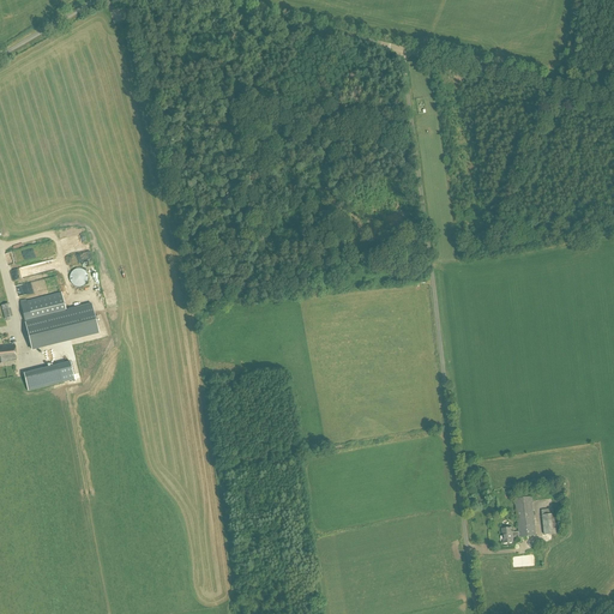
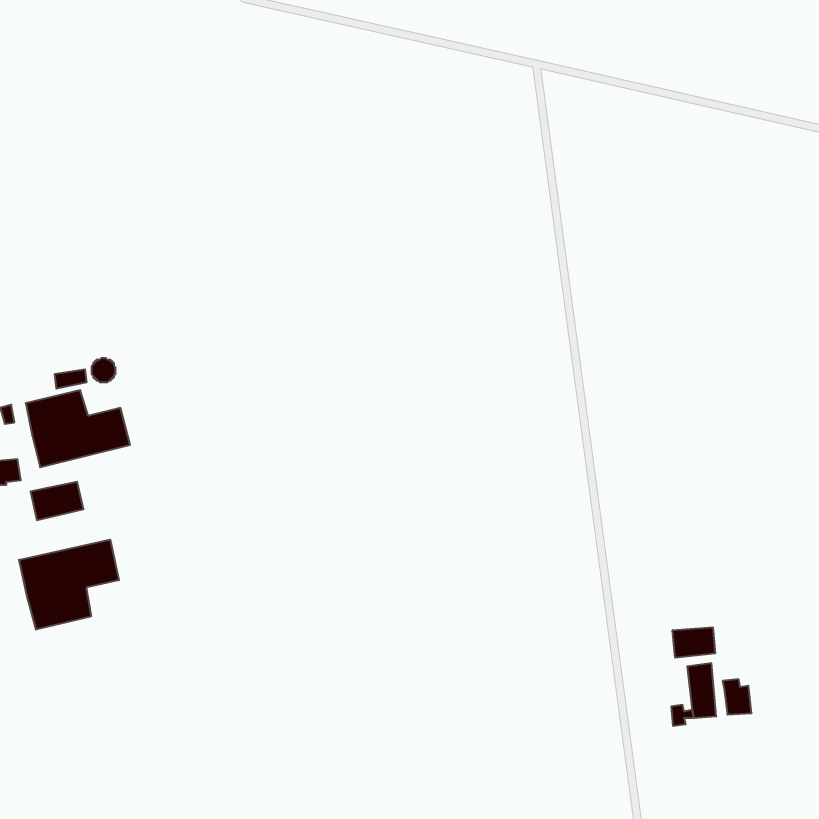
building: none -> [19,540,119,630]
building: none -> [673,627,715,658]

